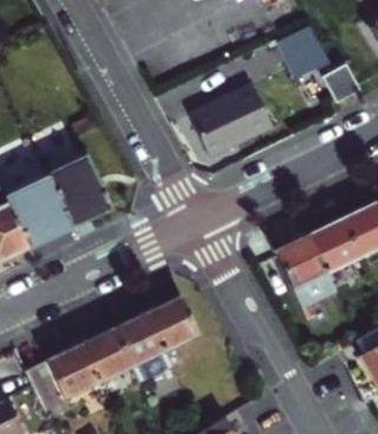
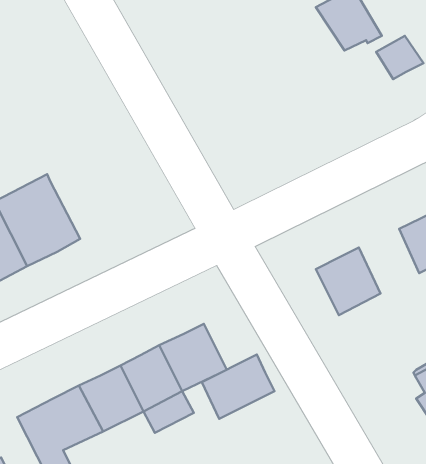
building: [194,79,281,152] -> none
building: [53,149,120,226] -> none
building: [308,218,358,272] -> none
building: none -> [202,355,274,419]

